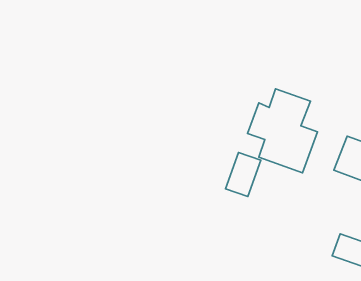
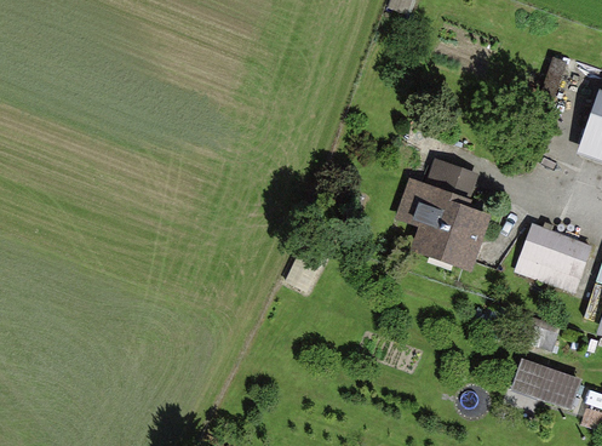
building: [226,153,261,196] -> none

